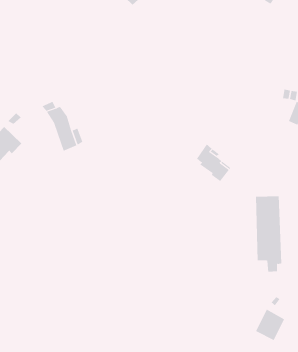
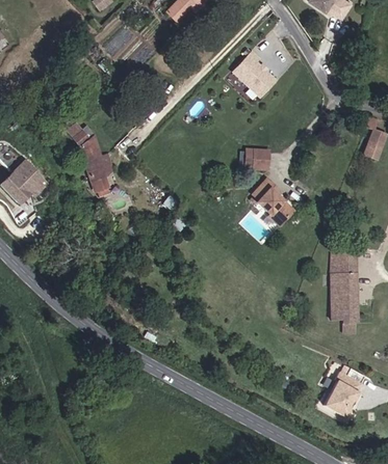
building: none -> [234,55,274,98]
building: none -> [245,147,271,170]

